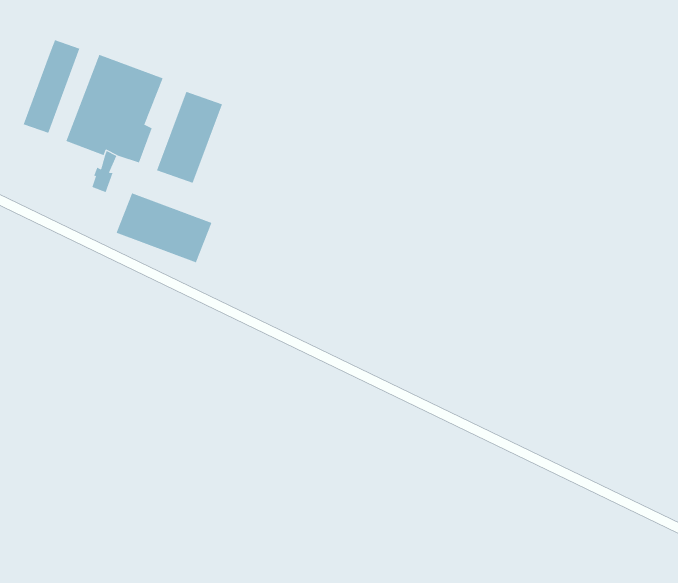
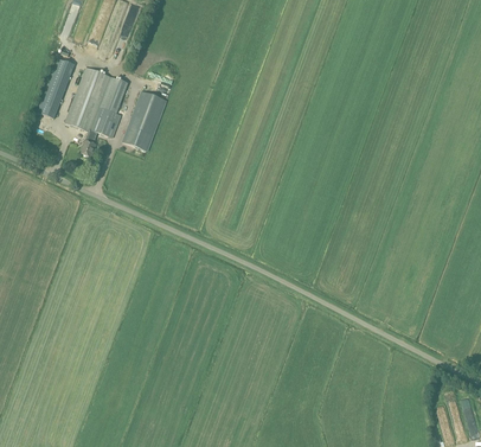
building: [116,193,212,263] -> none

